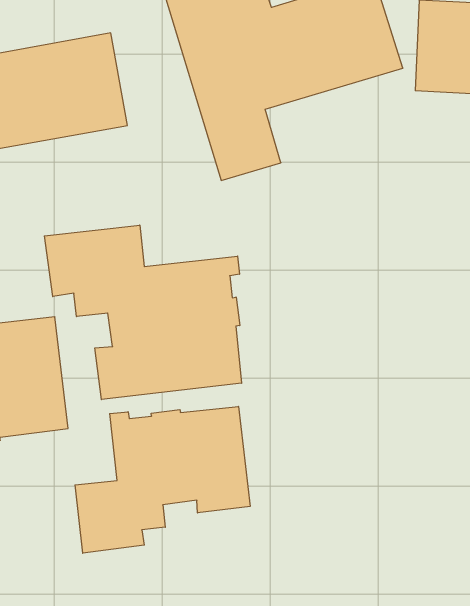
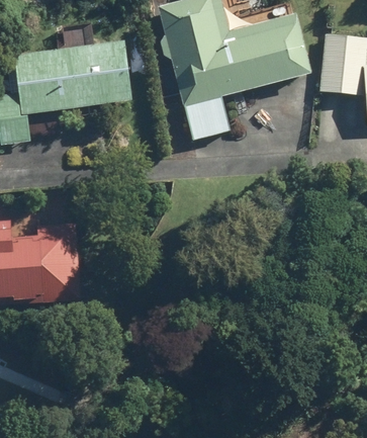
building: [44,225,242,400] -> none
building: [75,406,250,553] -> none

